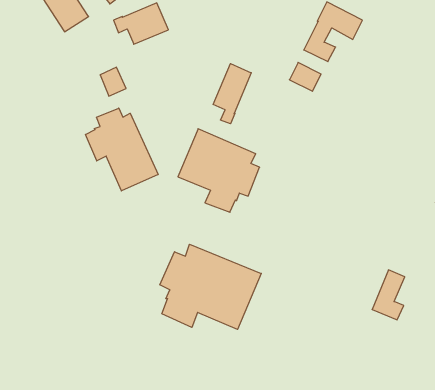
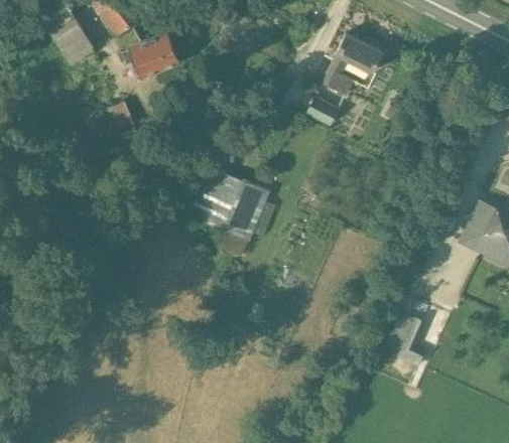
building: [213,64,251,124] -> none
building: [86,108,158,191] -> none
building: [160,244,261,329] -> none

